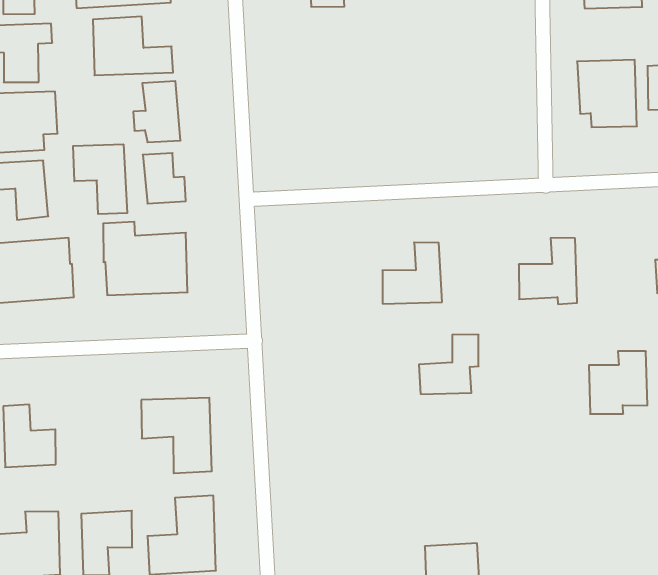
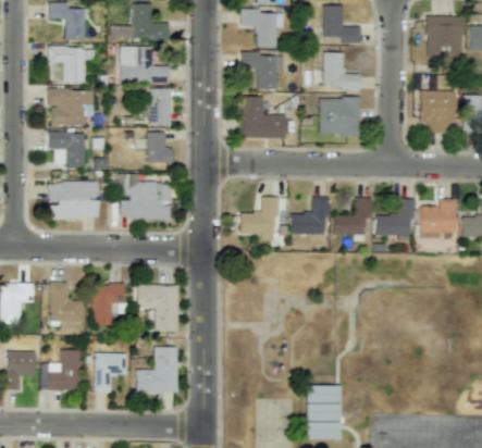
building: none -> [323,51,360,89]
building: none -> [240,53,283,89]
building: none -> [319,97,360,135]
building: none -> [240,96,286,138]
building: [73,144,127,214] -> none
building: none -> [240,197,276,240]
building: [419,335,479,394] -> [334,197,372,234]
building: [589,351,647,414] -> [419,198,456,237]
building: none -> [91,283,125,325]

